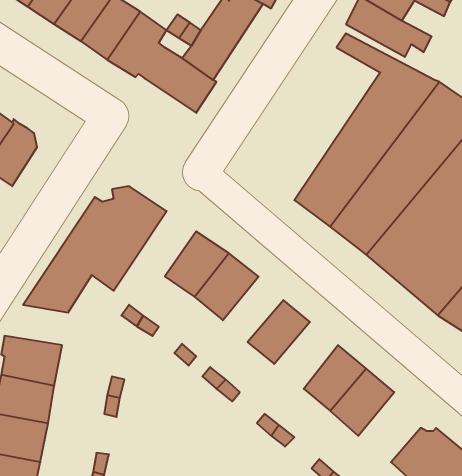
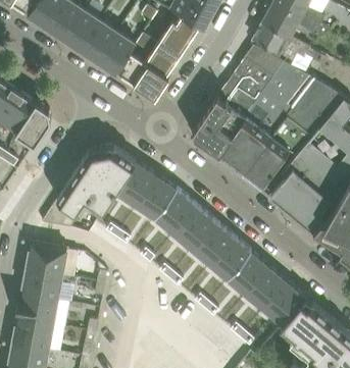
building: none -> [191,55,276,155]
building: none -> [115,162,155,205]
building: none -> [172,205,212,248]
building: none -> [206,234,248,278]
building: none -> [261,280,307,326]

